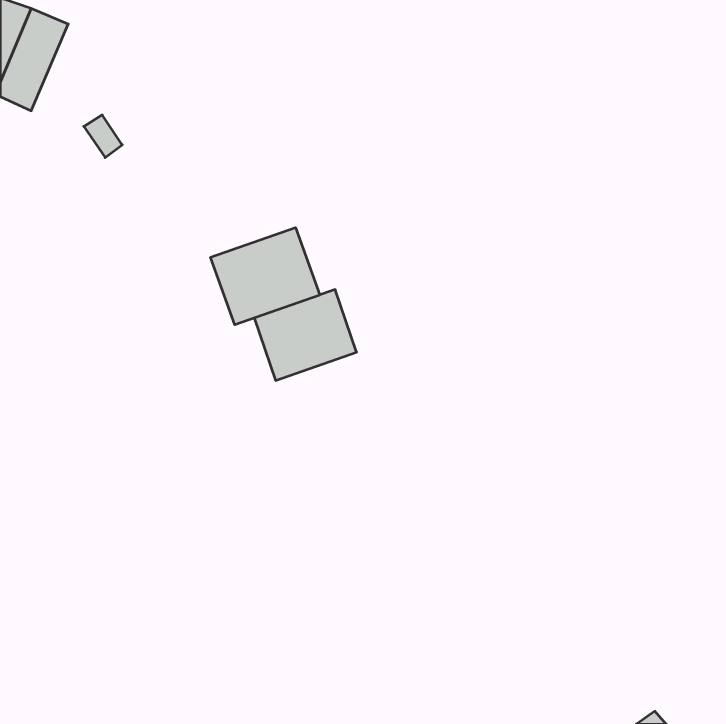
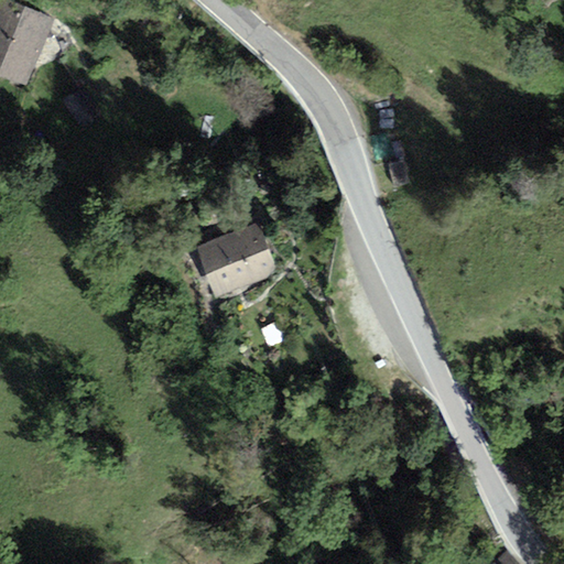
building: [211,228,320,325] -> none

